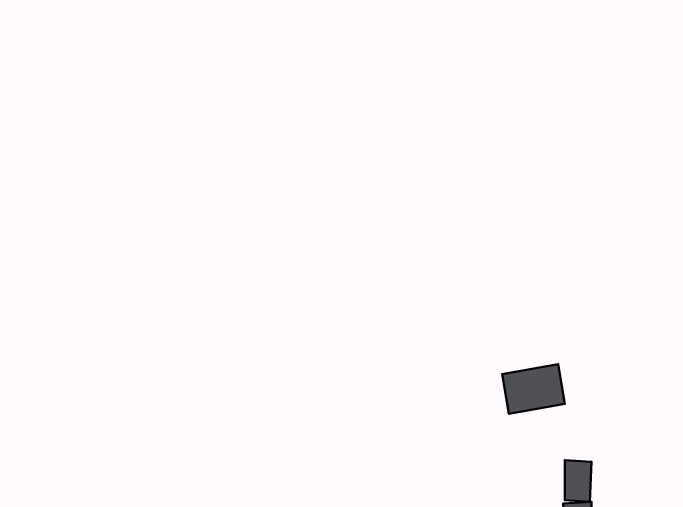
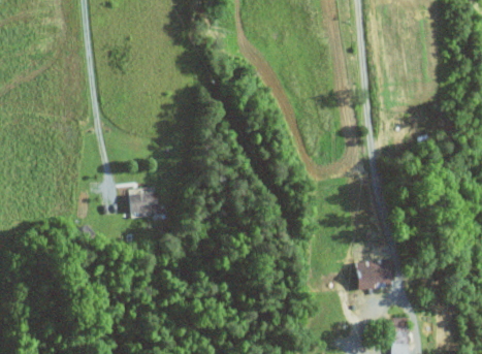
building: none -> [129,192,161,212]

